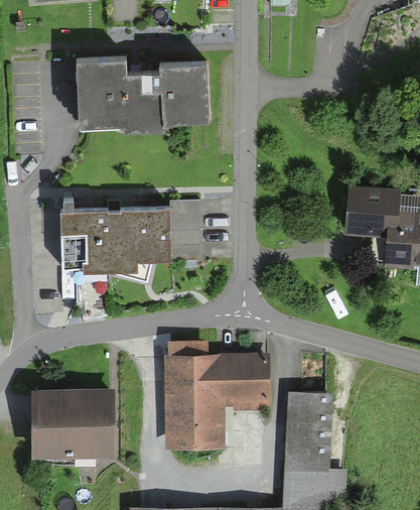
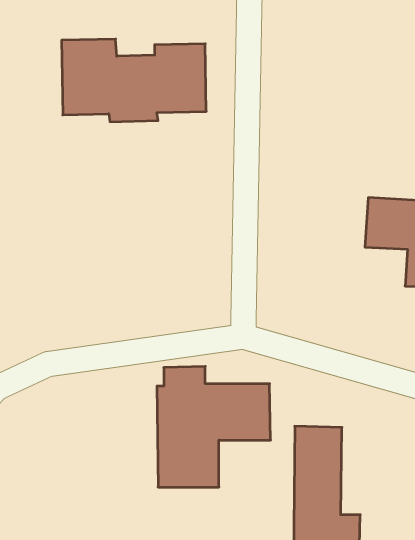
building: [62,202,202,280] -> none
building: [34,390,114,457] -> none

